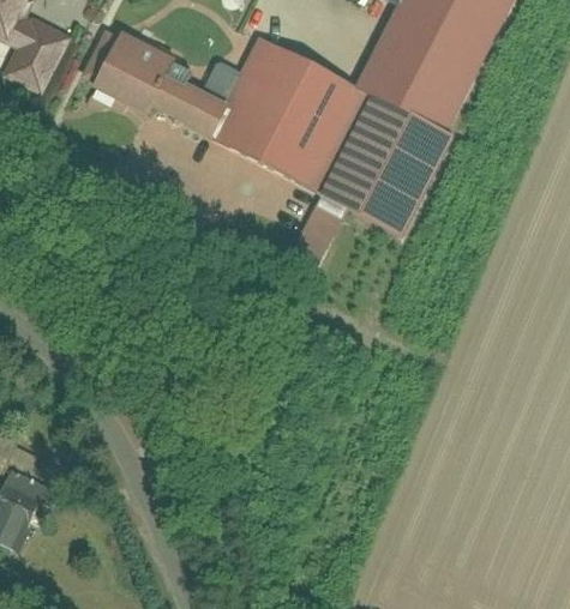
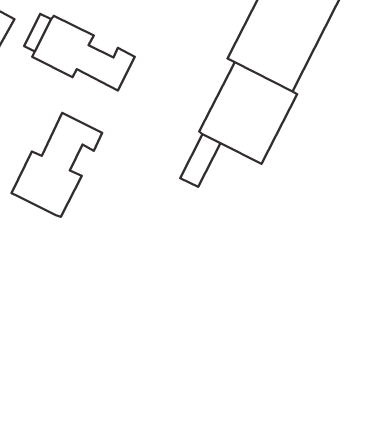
building: [209,40,366,188] -> none
building: none -> [12,113,102,217]

